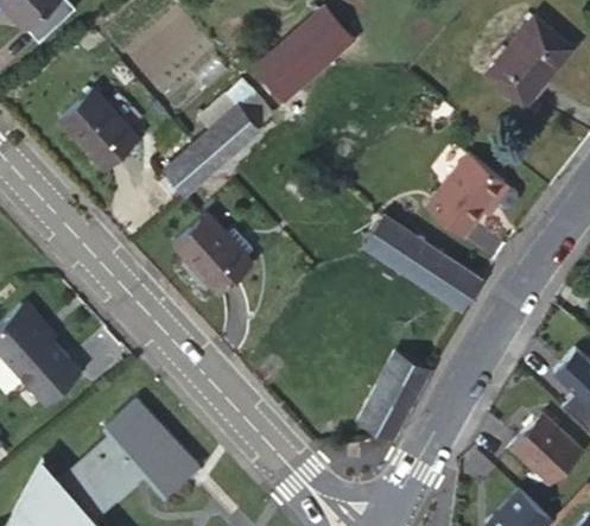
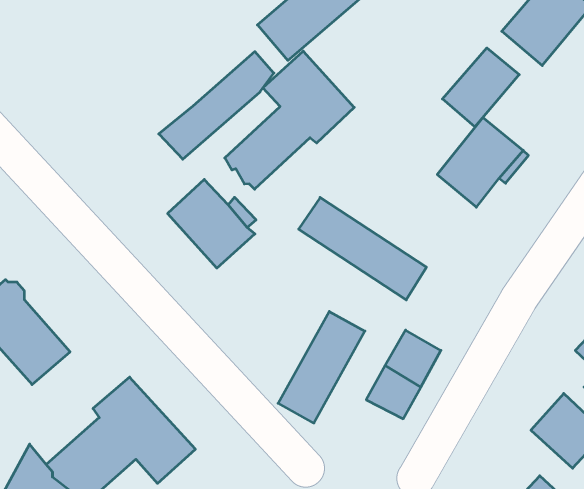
building: [57,88,135,170] -> none
building: none -> [442,48,519,127]
building: none -> [225,51,354,189]
building: [361,216,481,312] -> [299,197,426,300]
building: none -> [278,311,365,423]

